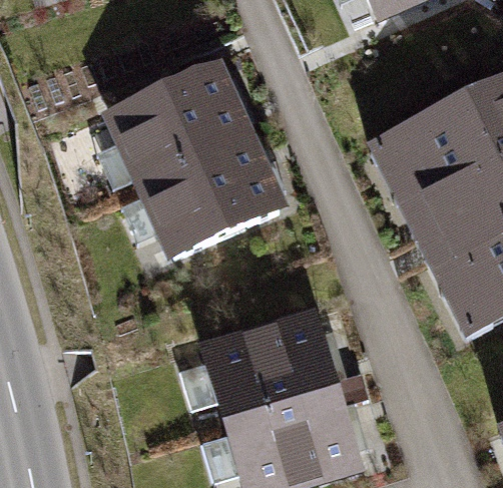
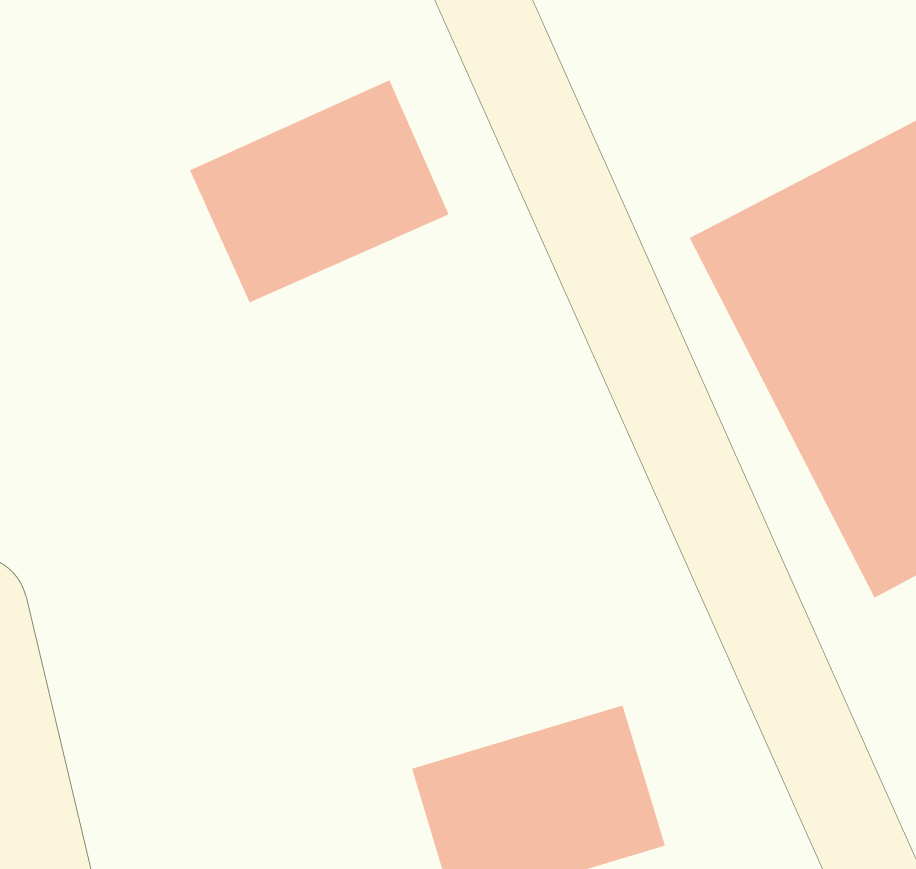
building: [142,133,279,251] -> none
building: [204,315,337,421] -> none

